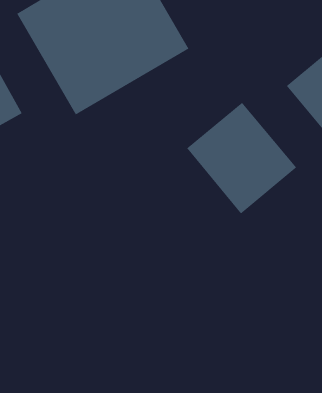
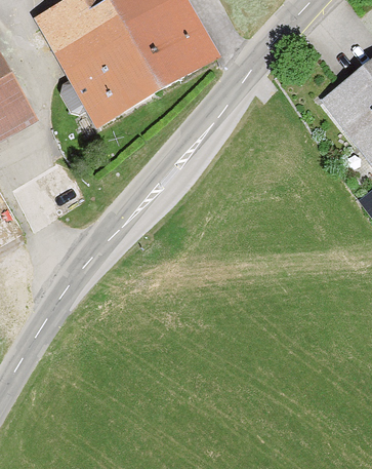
building: [186,102,297,214] -> none

